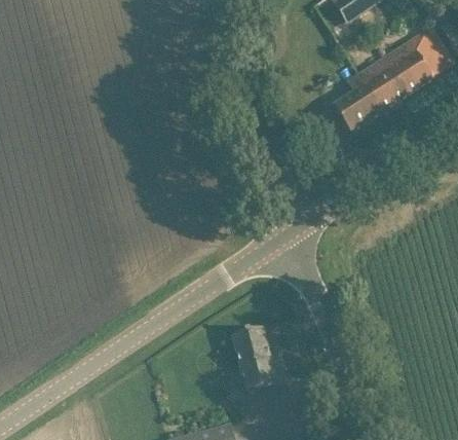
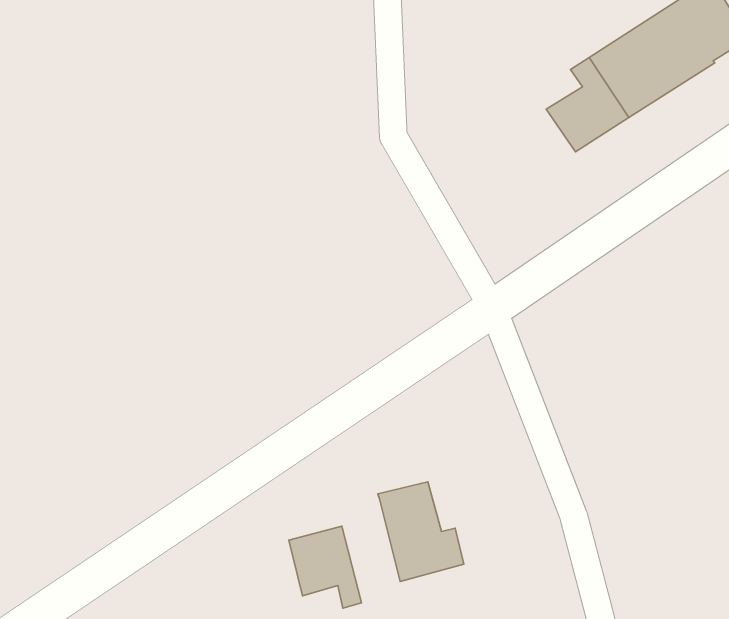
building: none -> [289,526,362,608]

